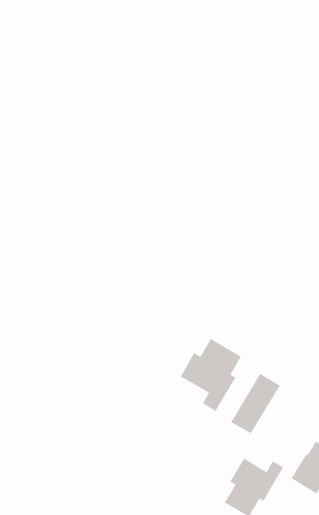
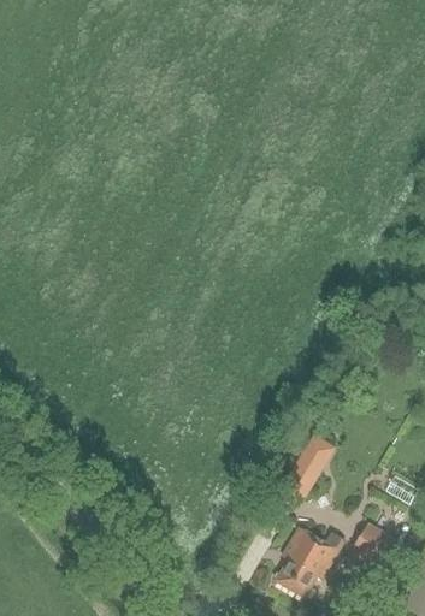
building: [180,338,242,412] -> none

